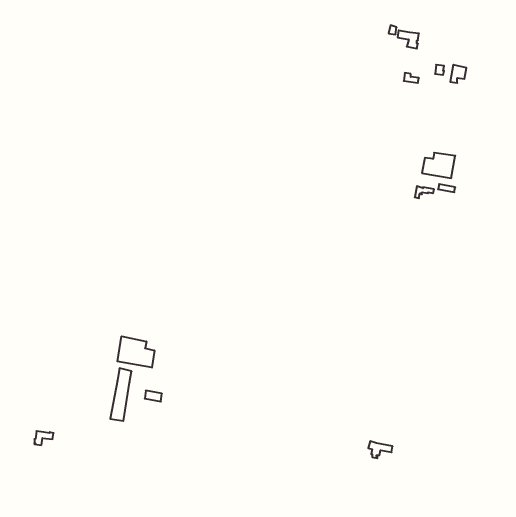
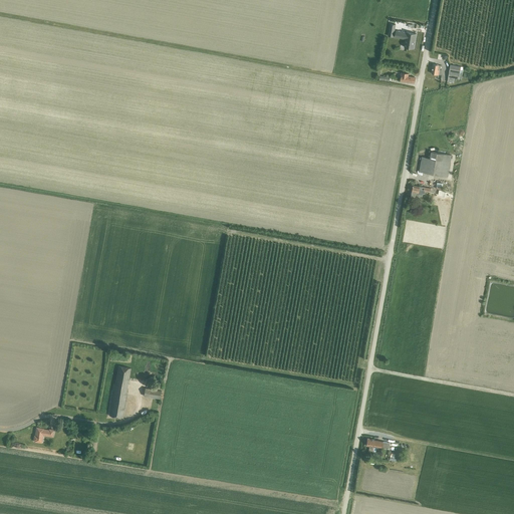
building: [117,336,154,368] -> none

